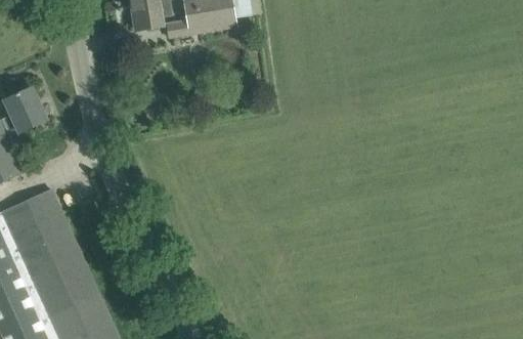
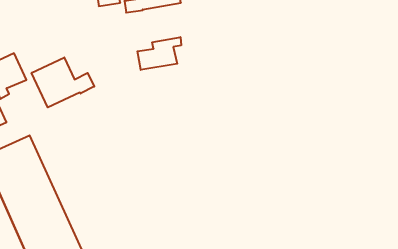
building: none -> [137,37,181,70]
building: none -> [32,57,94,107]

